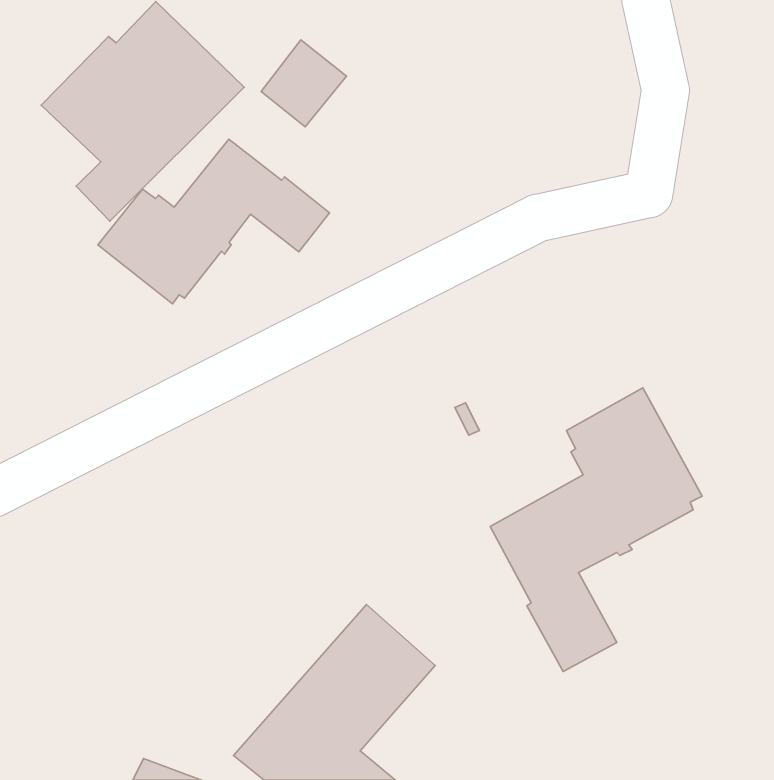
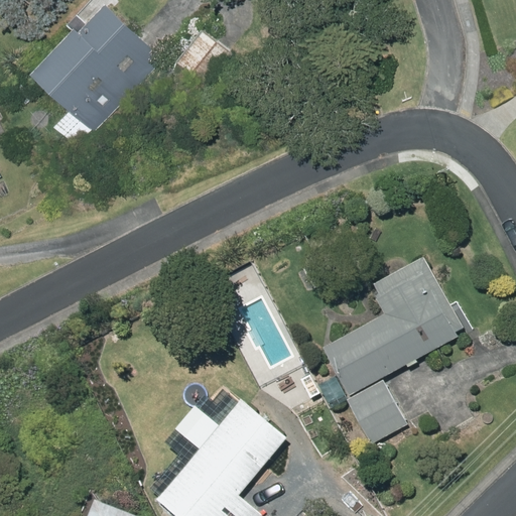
building: [98,139,330,304] -> none

